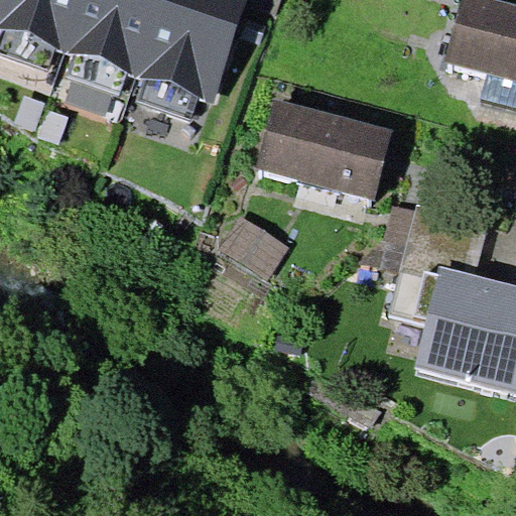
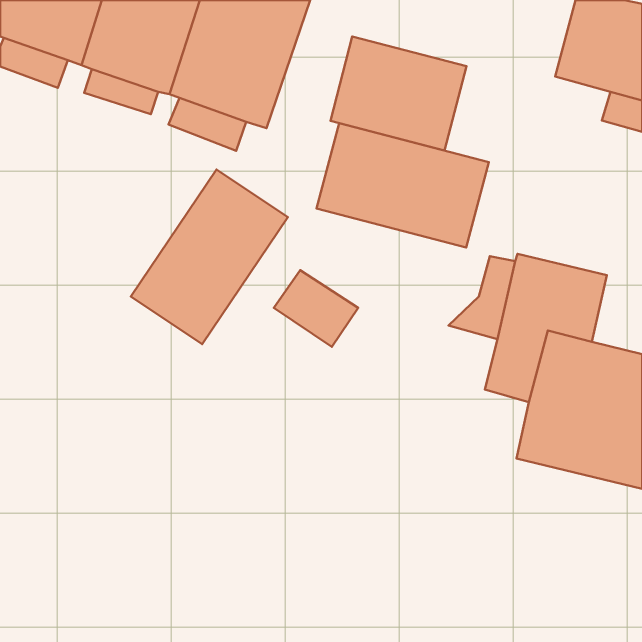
building: none -> [330,36,466,151]
building: none -> [131,170,288,344]

